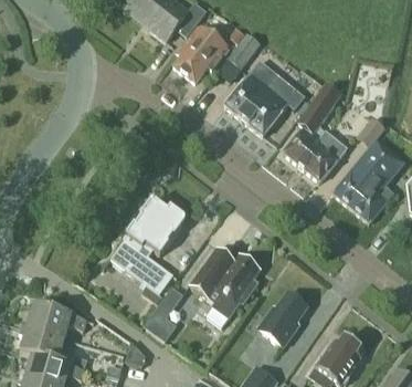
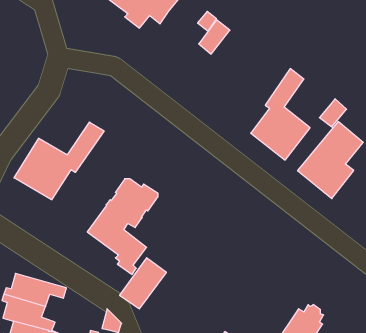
building: [172,23,228,81] -> none
building: [224,60,288,135] -> none
building: none -> [14,122,104,200]
building: [190,248,260,317] -> none
building: [258,293,306,345] -> none

